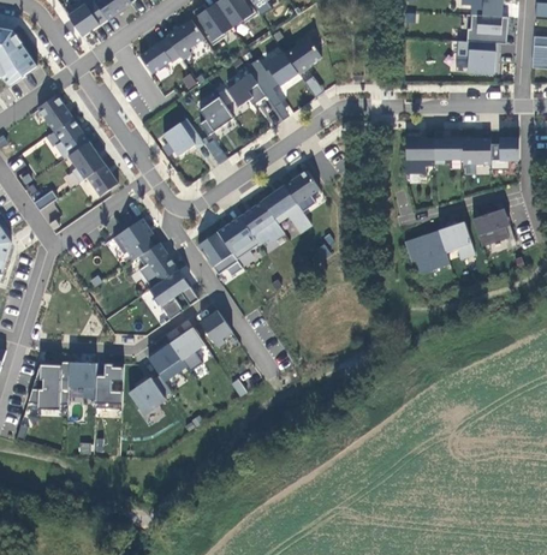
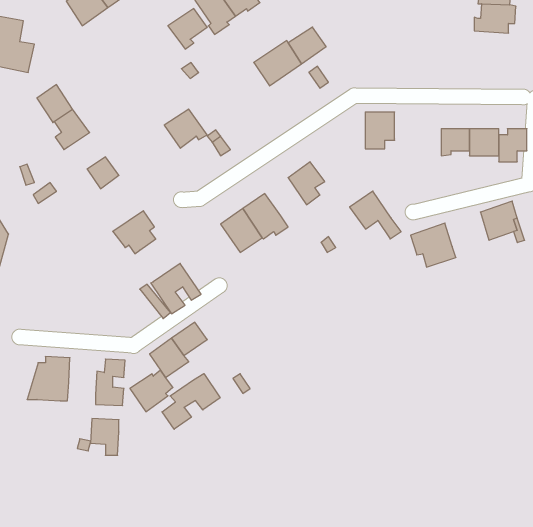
building: [138,36,180,73] -> none
building: [456,40,500,73] -> none
building: [226,72,266,106] -> none
building: [200,96,233,135] -> none
building: [405,137,434,173] -> [365,112,395,149]
building: [67,141,105,181] -> none
building: [261,185,311,232] -> [350,191,401,239]
building: [438,221,475,259] -> none
building: [197,231,243,275] -> none
building: [138,241,178,287] -> none
building: [200,310,232,347] -> none
building: [69,362,96,398] -> [91,419,119,455]
building: none -> [162,374,220,429]

